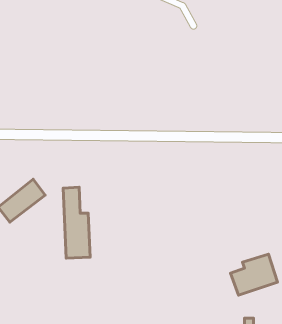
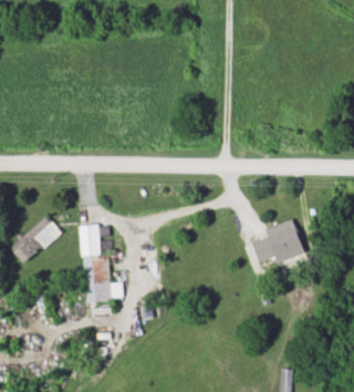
building: [230,254,278,295] -> [251,219,303,265]

